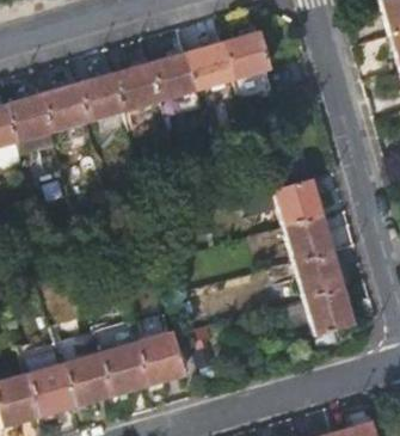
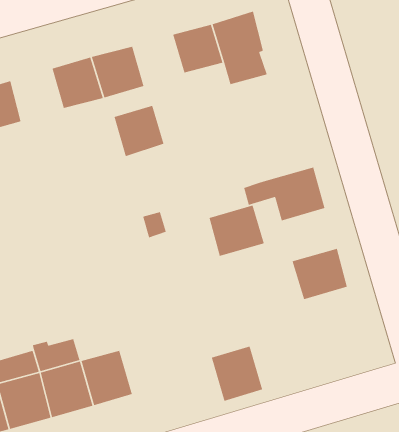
building: [147,55,193,103] -> [113,105,165,157]
building: [36,86,84,135] -> none
building: [282,214,333,262] -> [209,204,265,257]
building: [302,285,352,332] -> none
building: [135,332,183,383] -> [211,345,263,402]

